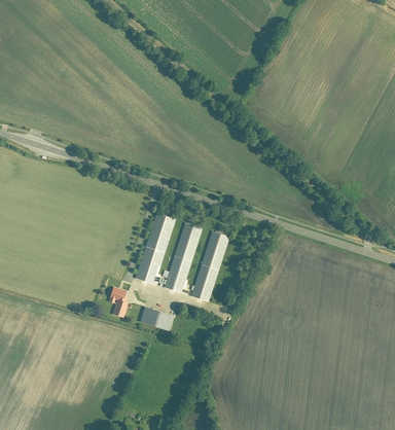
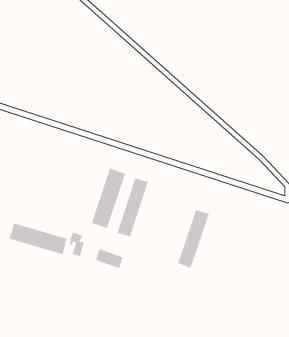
building: [190,230,228,300] -> [177,209,210,269]
building: none -> [8,223,68,255]

